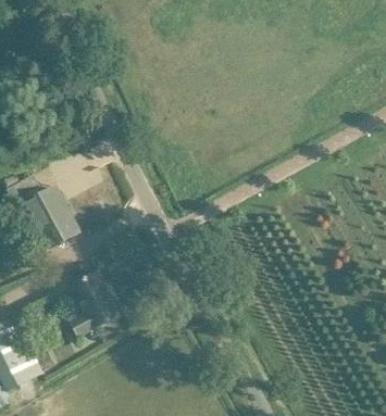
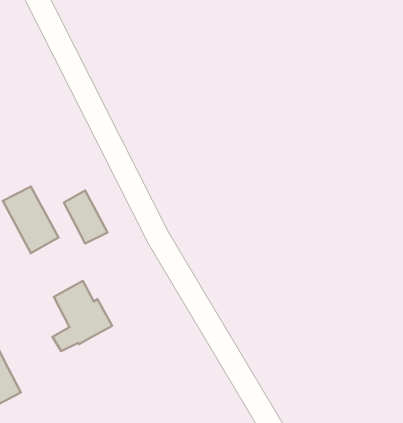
building: none -> [64,191,108,244]

